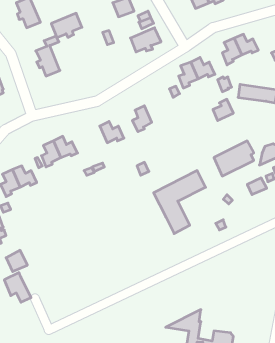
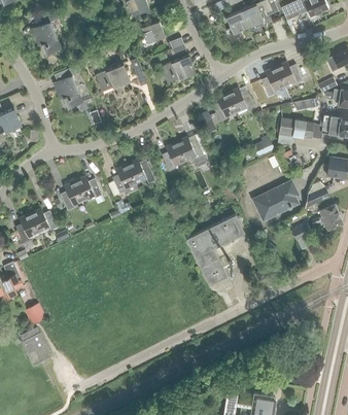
building: [51,13,82,37] -> [95,64,129,91]
building: none -> [176,137,206,167]
building: none -> [113,165,137,194]

